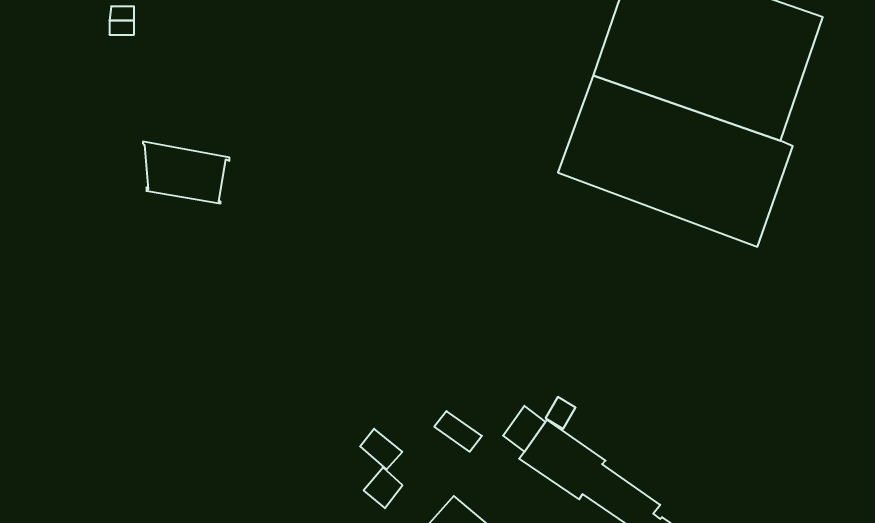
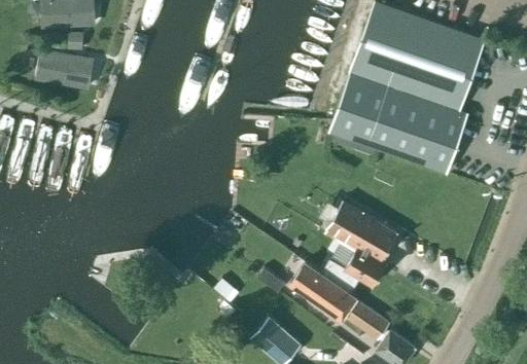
building: [143,142,229,203] -> [42,51,93,87]
building: none -> [325,201,398,286]

